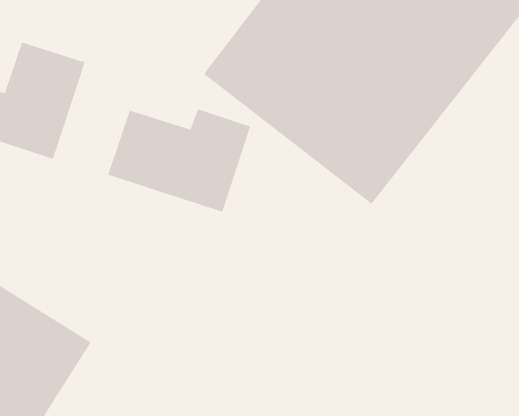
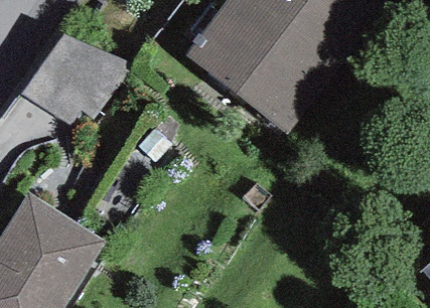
building: [107,109,251,213] -> none

